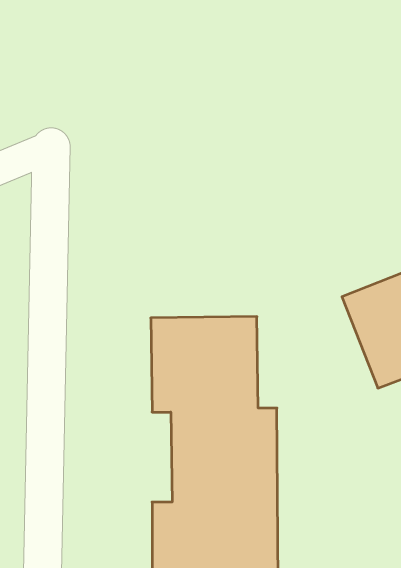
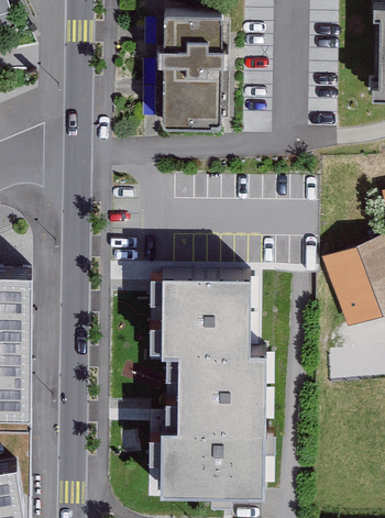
building: none -> [158,16,221,135]

